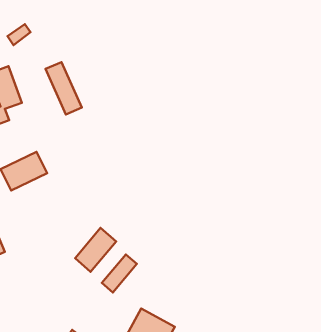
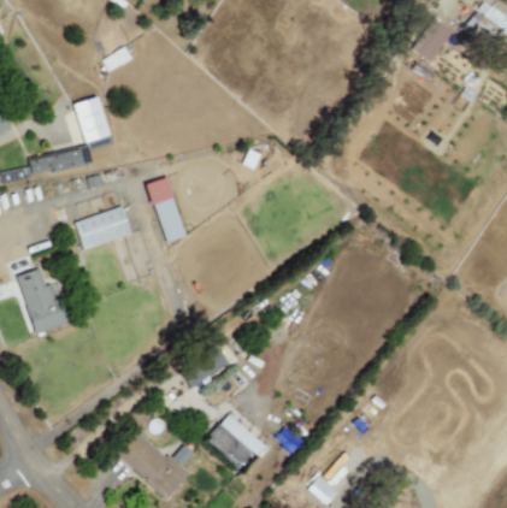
building: [46,62,82,114] -> [147,177,185,242]
building: [75,228,116,272] -> none

